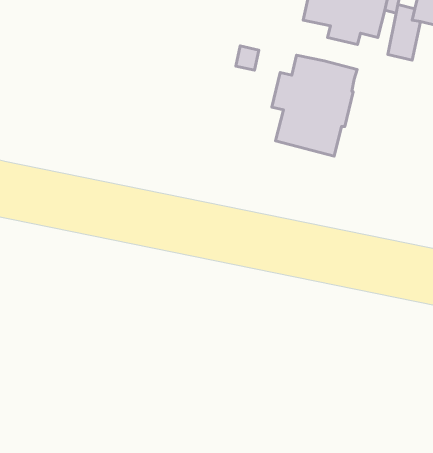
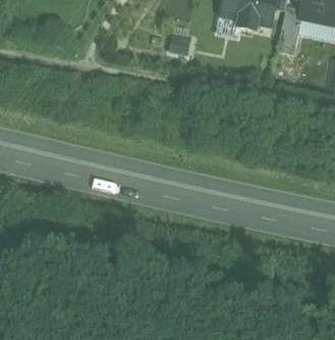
building: [272,55,357,156] -> none

